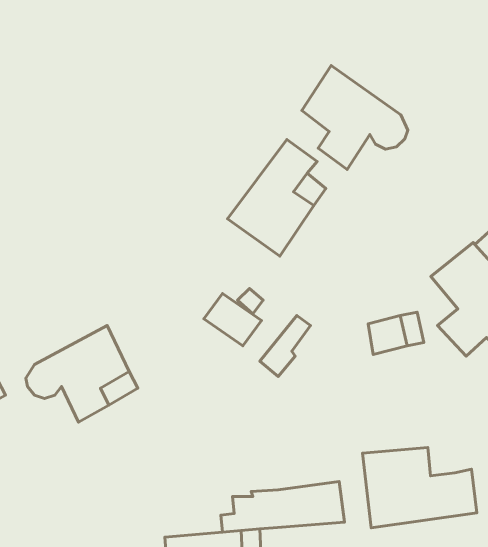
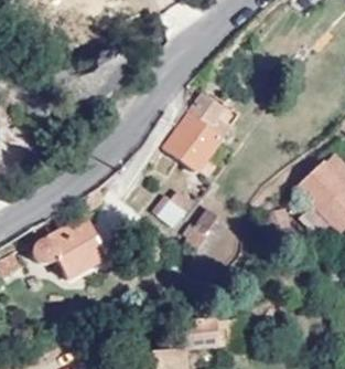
building: [302,65,408,170] -> none
building: [362,448,477,528] -> none

